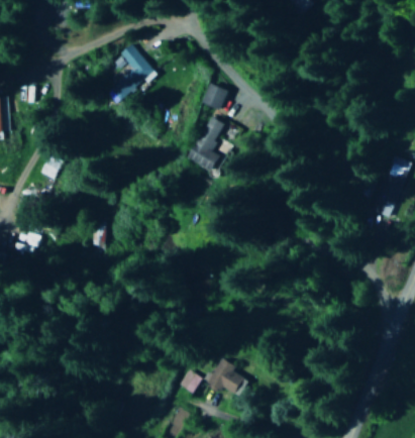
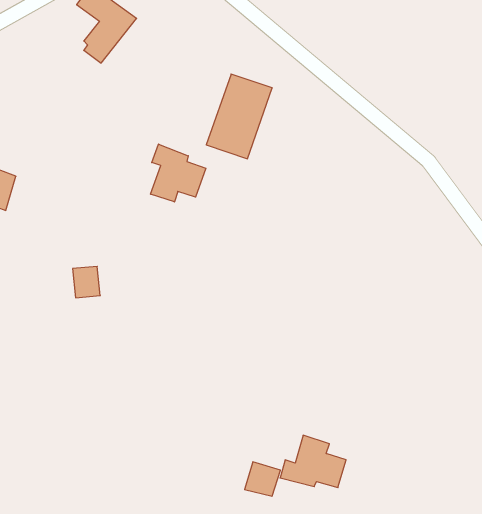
building: [202,83,229,111] -> none
building: none -> [151,144,206,202]

